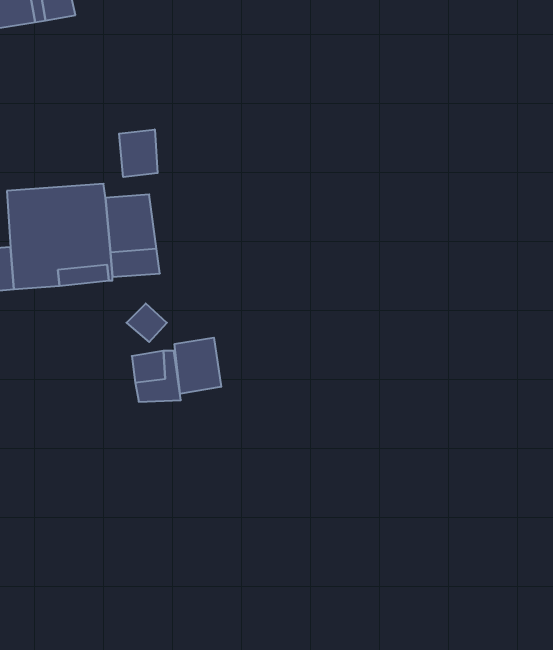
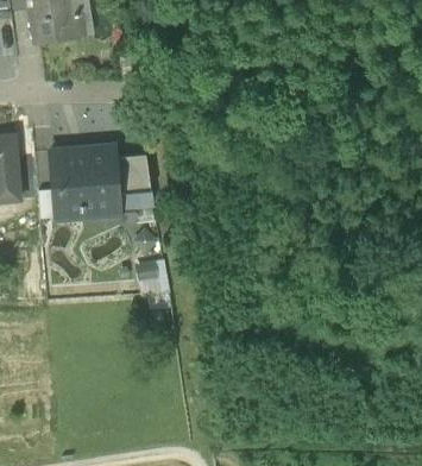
building: [119,129,158,177] -> none
building: [175,338,221,394] -> none

